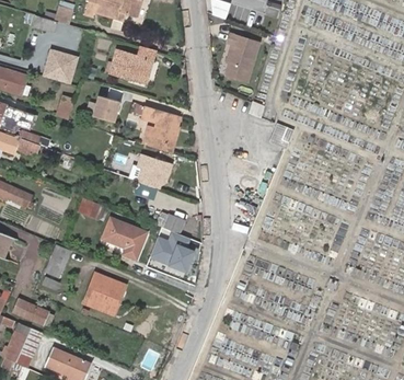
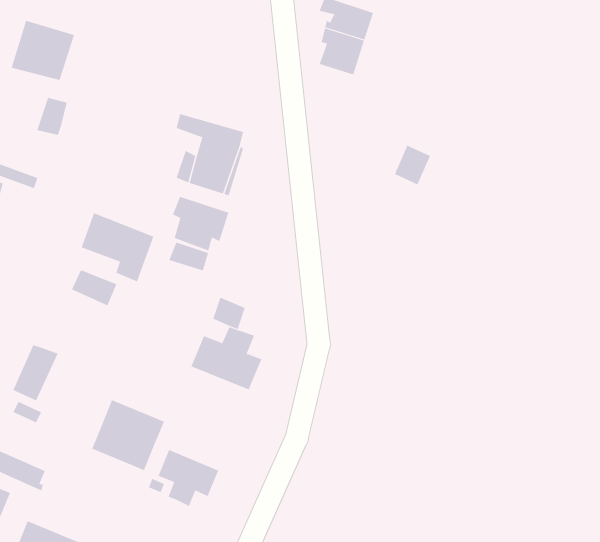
building: [109,45,155,79] -> none
building: [91,95,120,124] -> none
building: [102,217,146,258] -> [81,213,154,282]
building: none -> [158,449,219,507]

